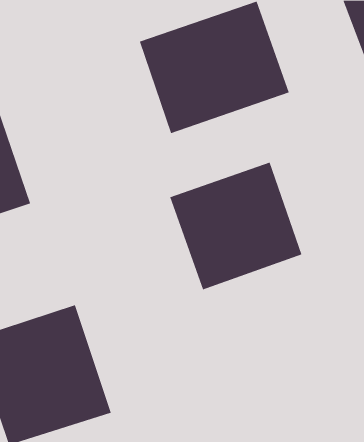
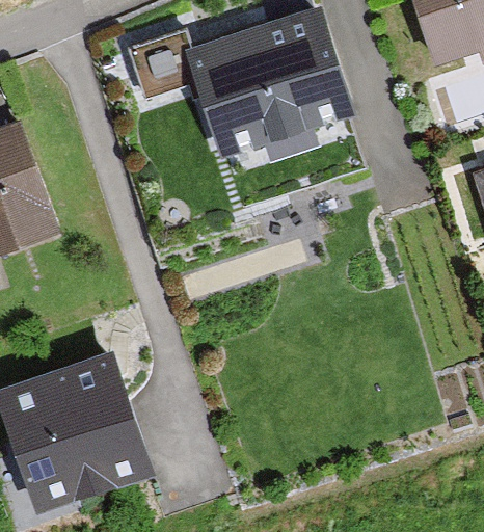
building: [169,162,303,290] -> none

